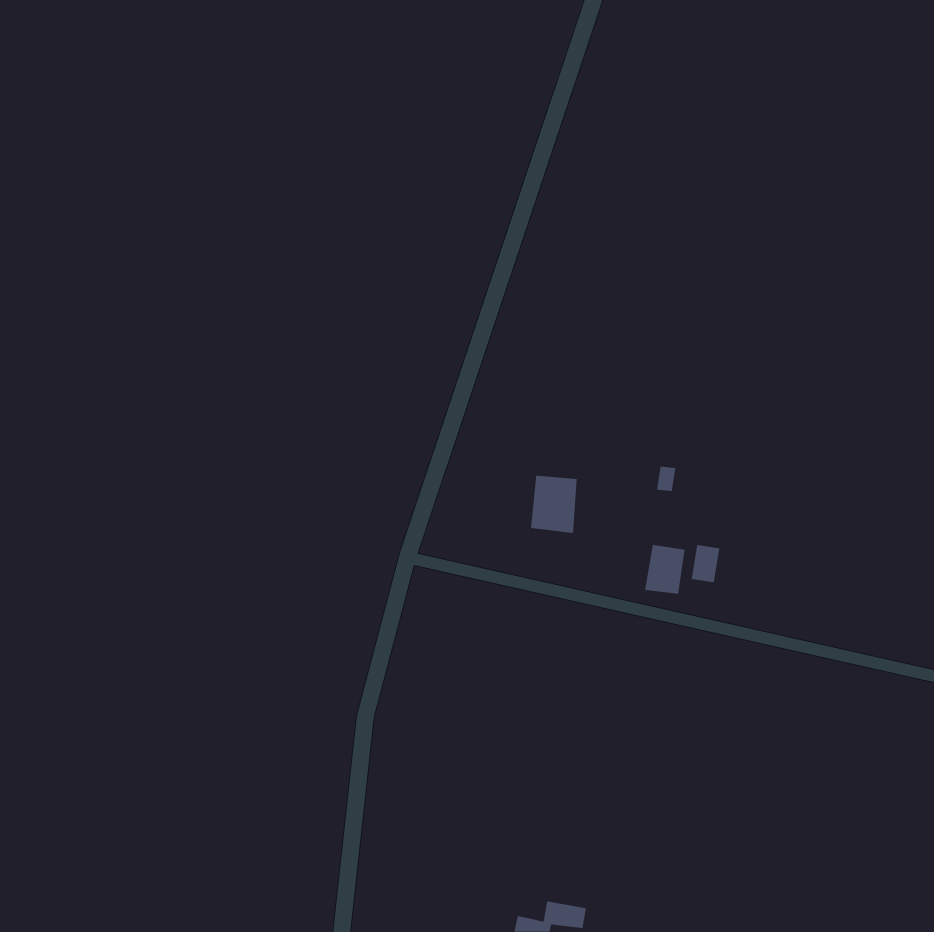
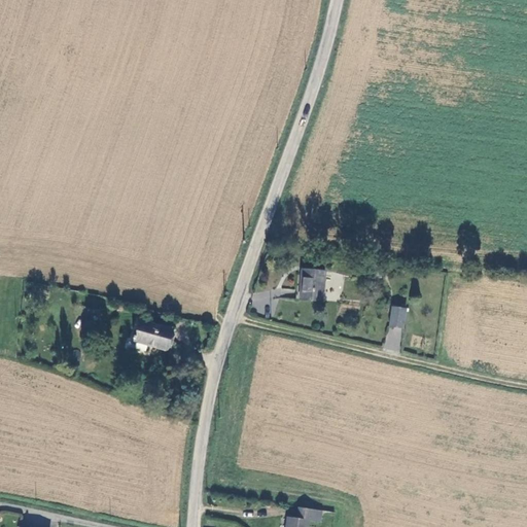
building: [644,544,685,594] -> none
building: none -> [132,320,172,351]

